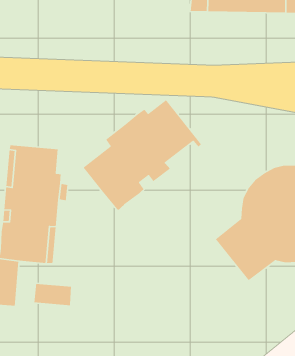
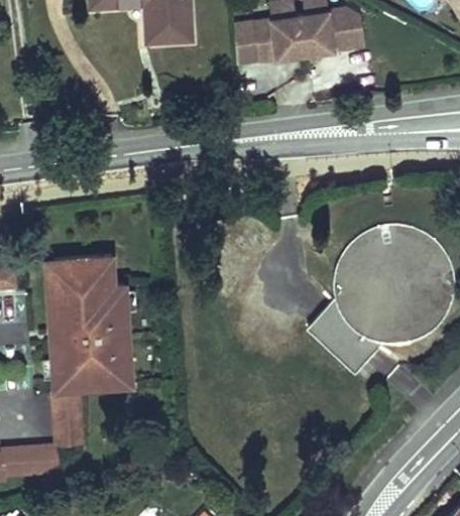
building: [82,99,202,211] -> none
building: [34,283,72,306] -> none

